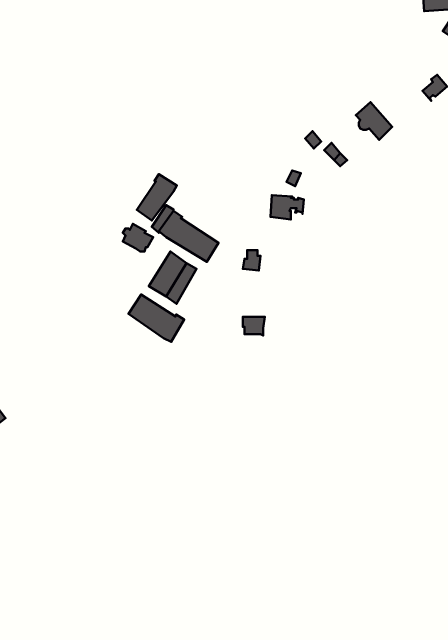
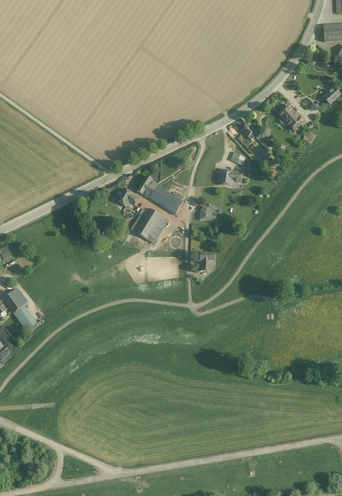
building: [137,174,177,221] -> none
building: [128,295,184,342] -> none

